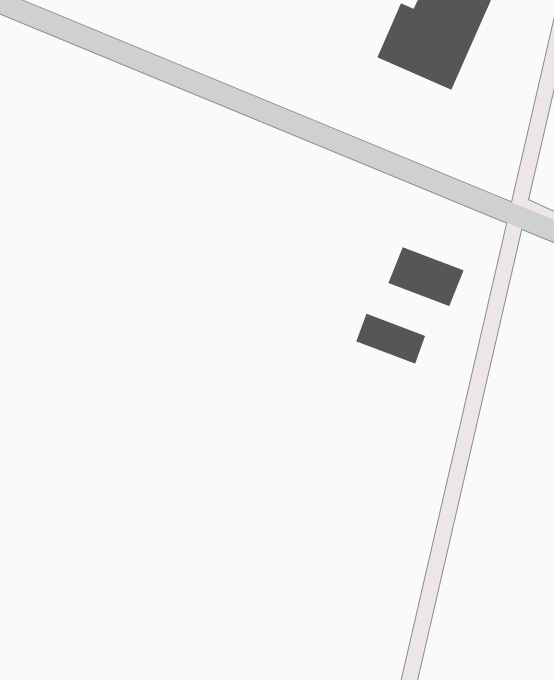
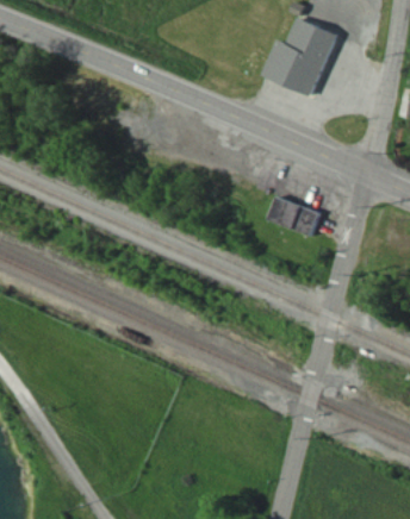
building: [356,313,426,365] -> none

